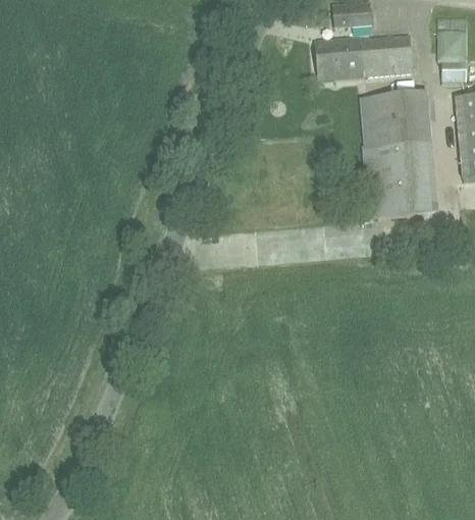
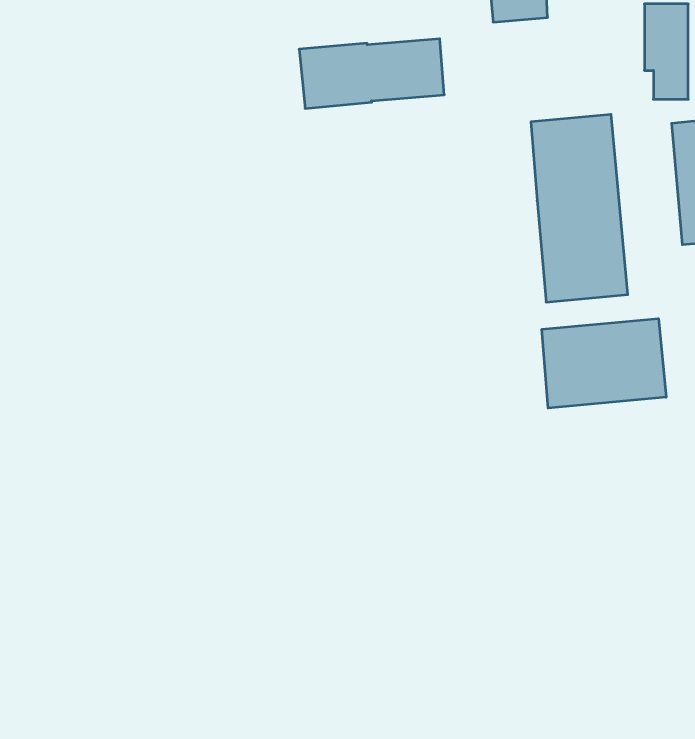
building: [315,33,413,80] -> [299,39,444,108]
building: none -> [542,319,666,408]

